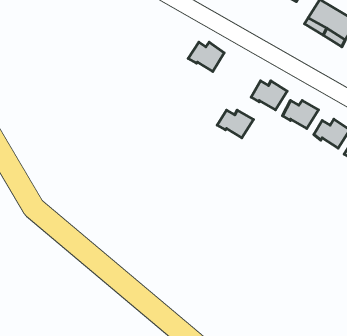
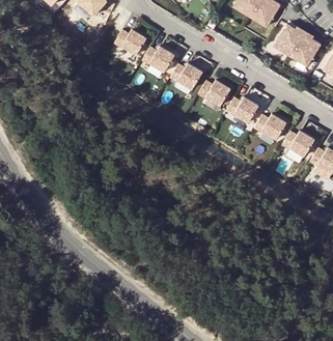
building: none -> [115,28,147,53]
building: none -> [142,45,174,70]
building: [217,110,253,138] -> [198,79,230,104]

